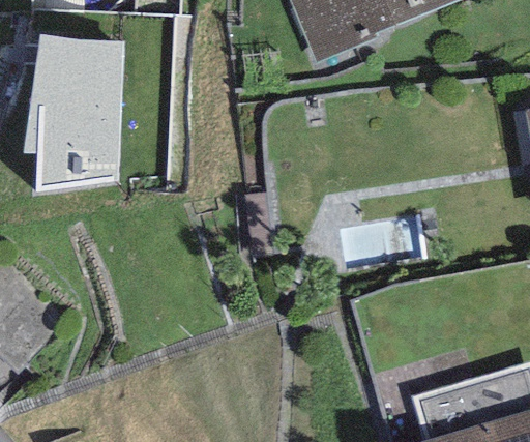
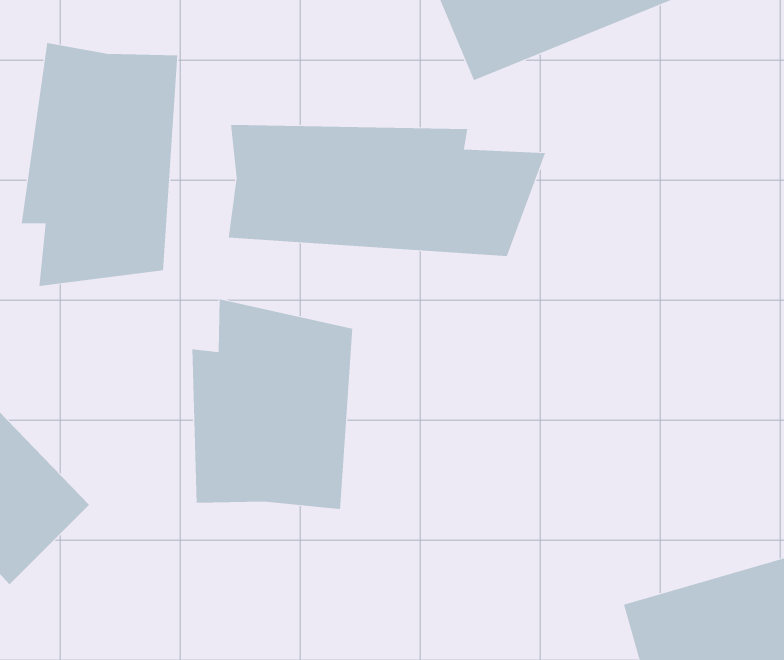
building: none -> [228,124,546,257]
building: none -> [192,298,353,510]

